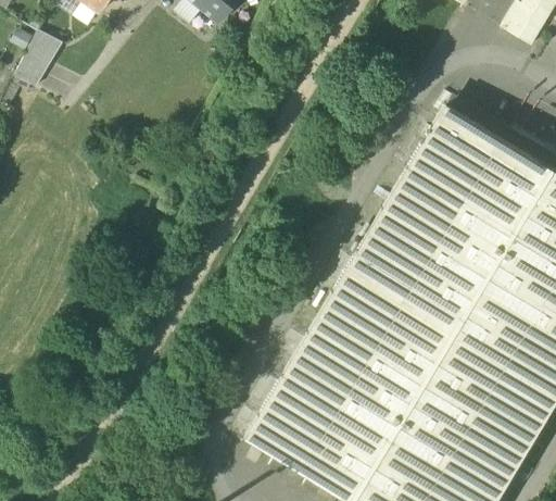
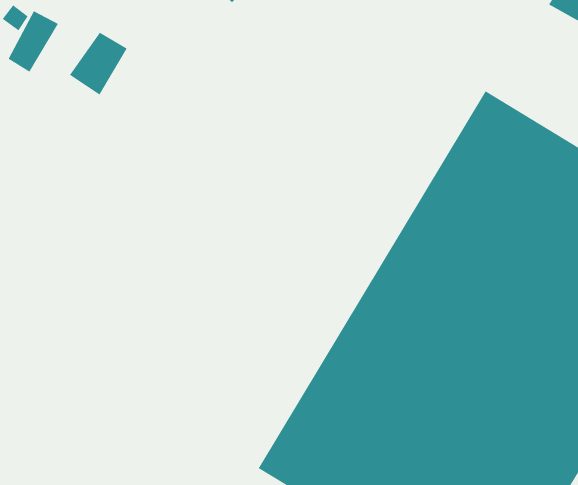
building: none -> [69,32,128,95]

